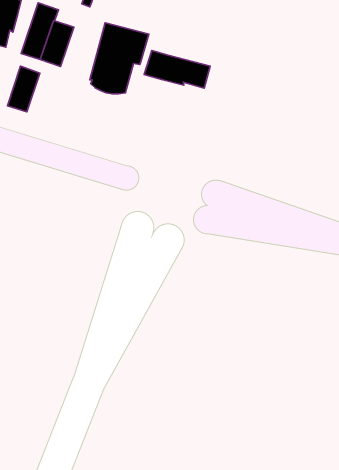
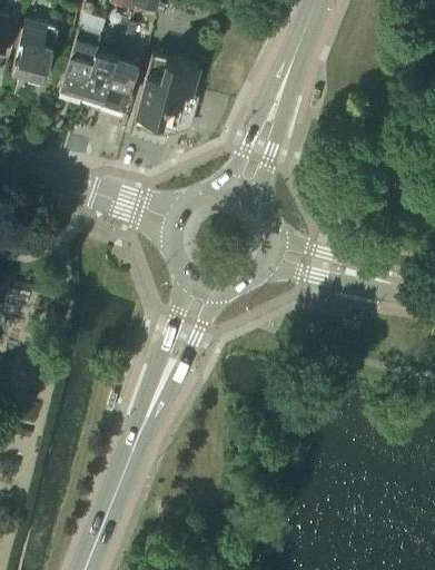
building: [144,51,210,88] -> none
building: [7,66,40,112] -> [102,59,138,109]

